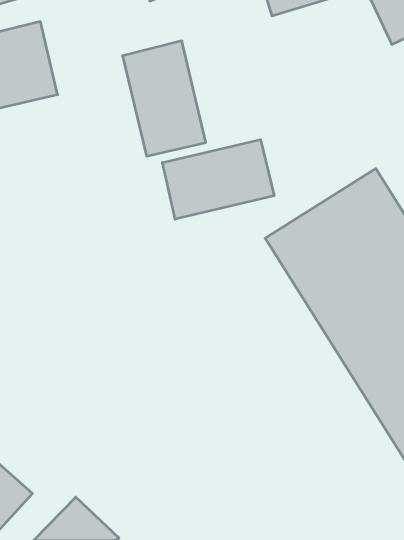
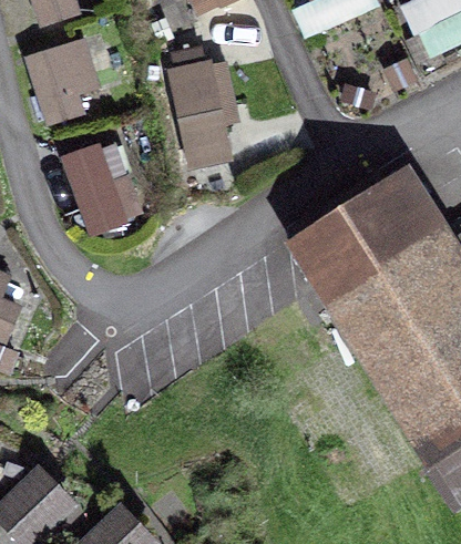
building: none -> [65,141,136,234]
building: [162,140,274,219] -> none

